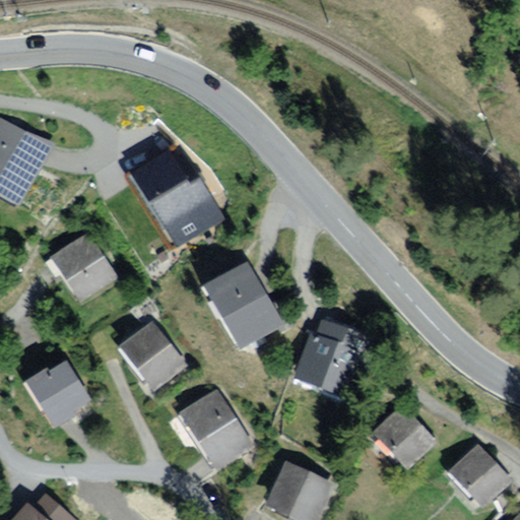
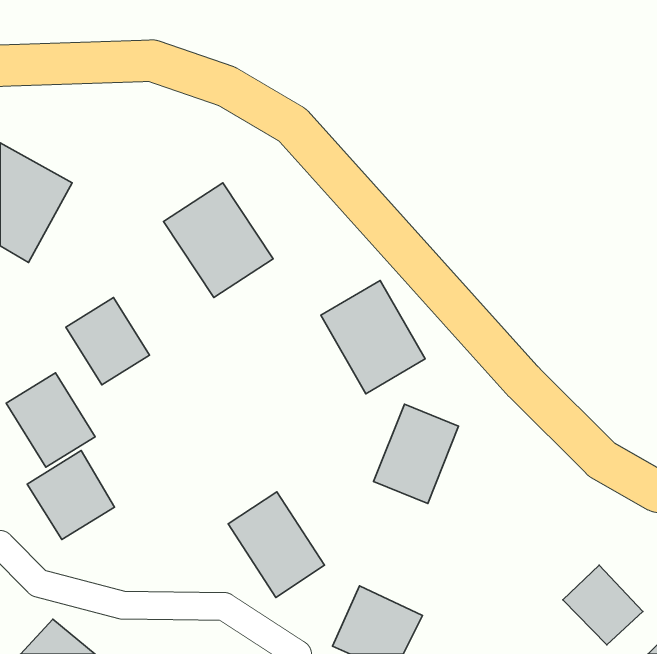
building: [200,261,282,350] -> [321,280,425,394]
building: none -> [6,373,95,467]
building: [121,321,190,392] -> none
building: [370,409,436,475] -> none

